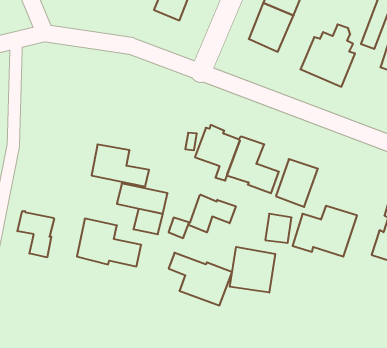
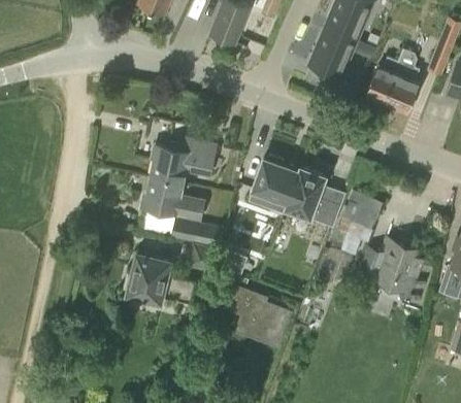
building: none -> [150,139,216,181]
building: [189,195,236,232] -> none
building: [17,211,54,257] -> none
building: [230,247,275,293] -> none

